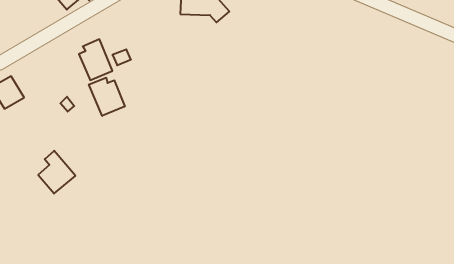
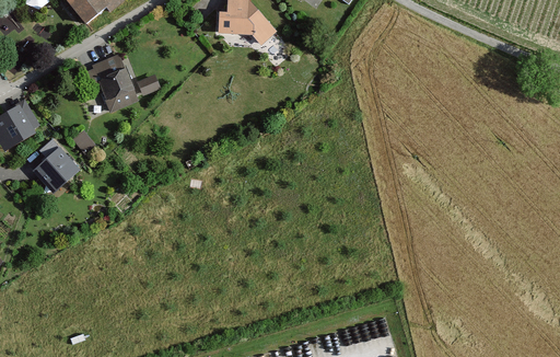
building: [89,78,125,116] -> none
building: [38,151,75,194] -> [33,141,77,192]

